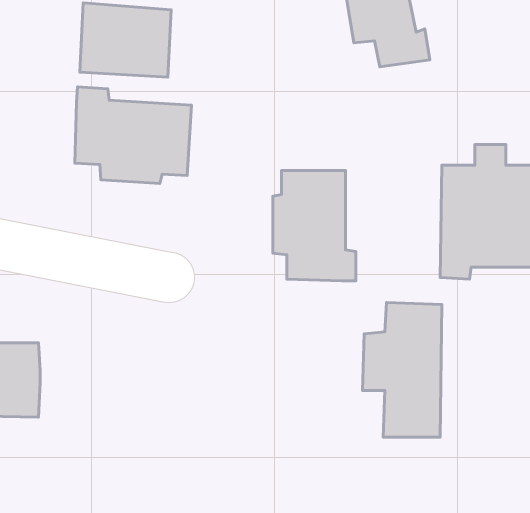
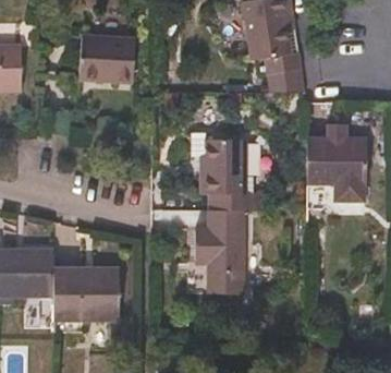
building: [75,87,191,183] -> none
building: [362,303,442,437] -> [194,208,244,293]
building: none -> [52,266,120,333]

